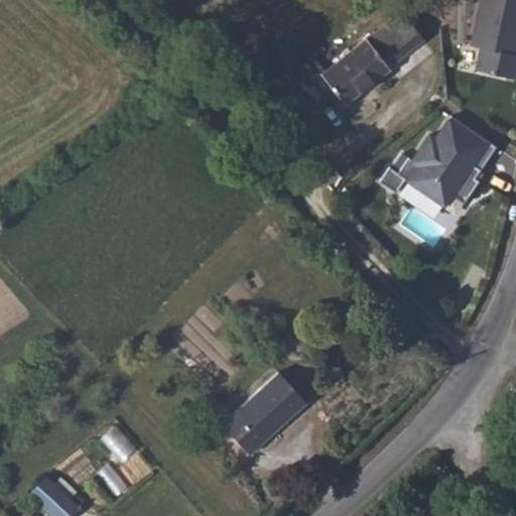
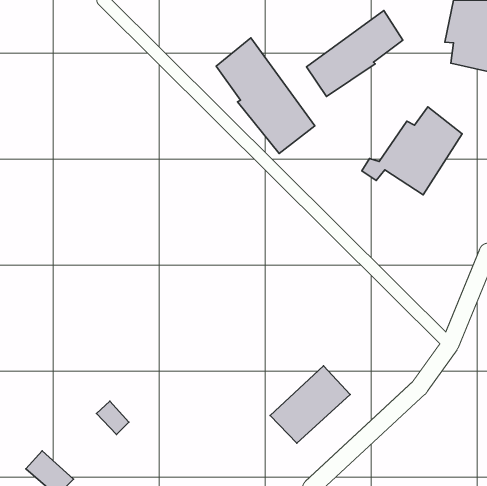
building: none -> [216,38,315,154]
building: [223,374,307,456] -> [270,366,350,443]

